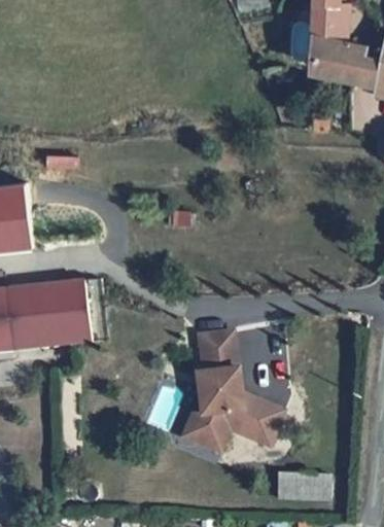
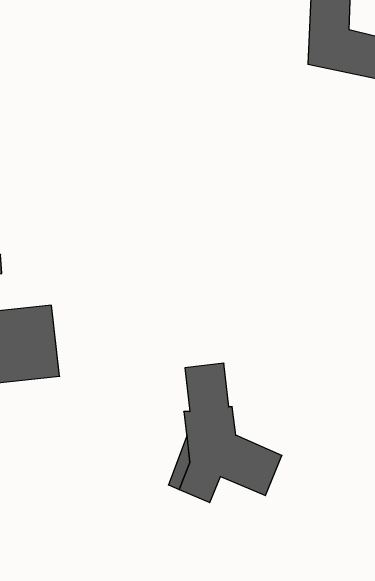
building: [277,471,330,500] -> none

